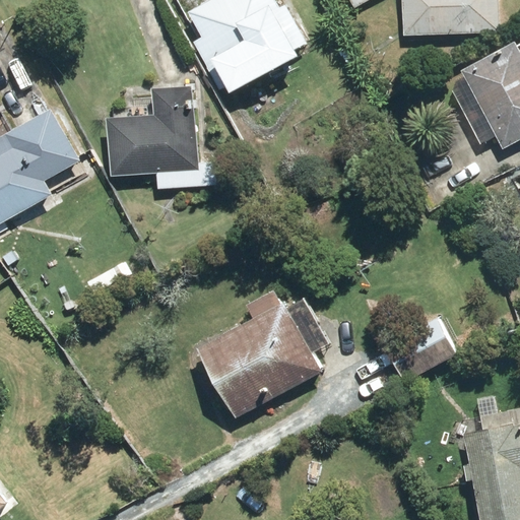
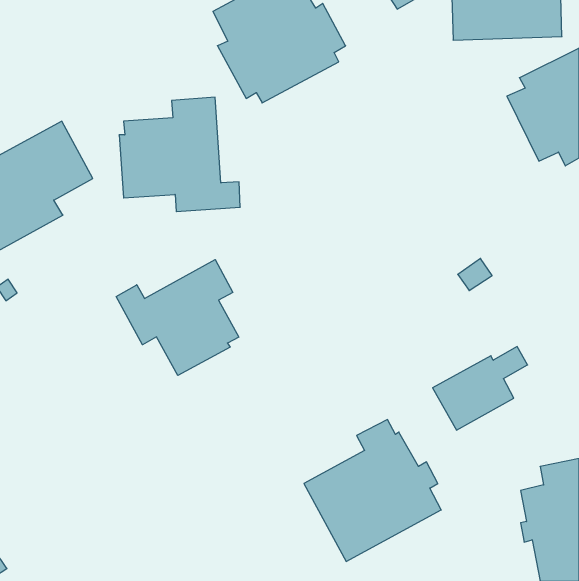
building: none -> [116,260,239,375]
building: [199,291,321,417] -> [304,420,441,561]

